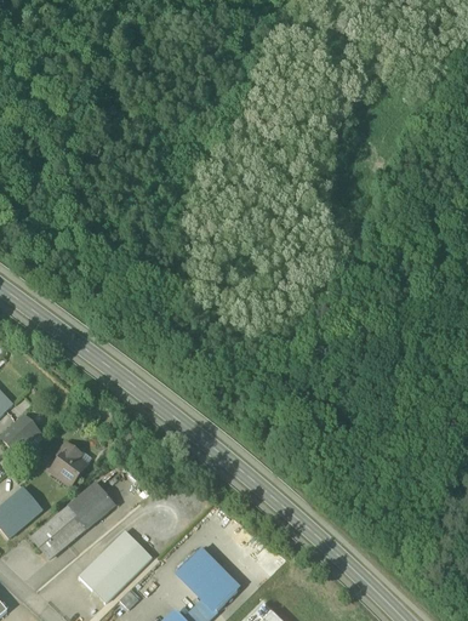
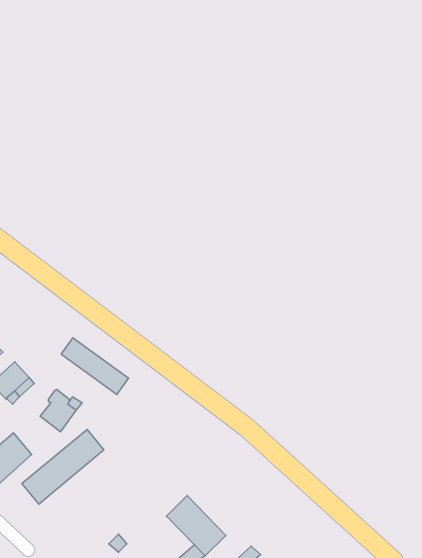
building: none -> [61,338,129,394]
building: [79,530,152,603] -> none

